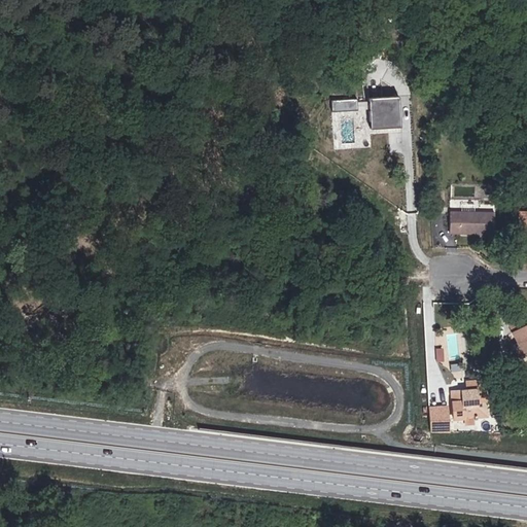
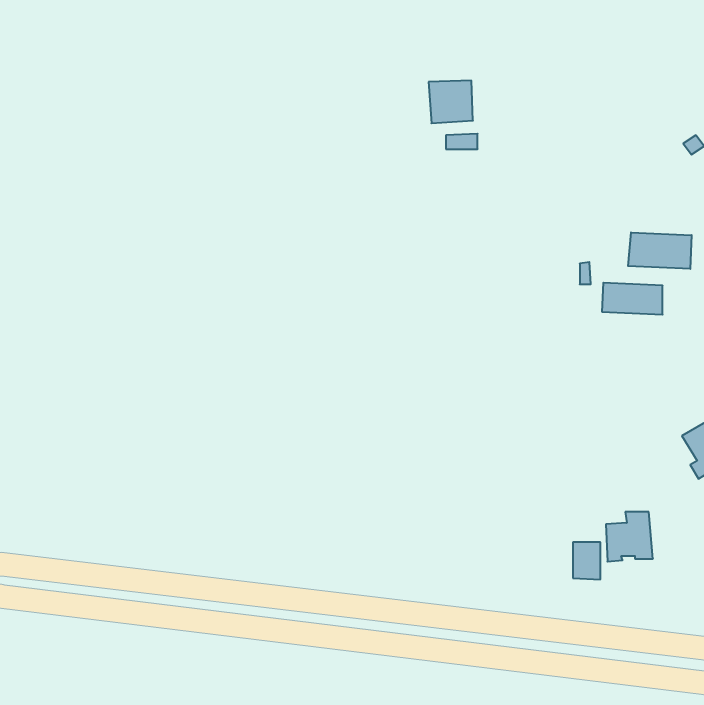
building: [368,96,401,128] -> [429,81,473,123]
building: none -> [628,232,692,269]

